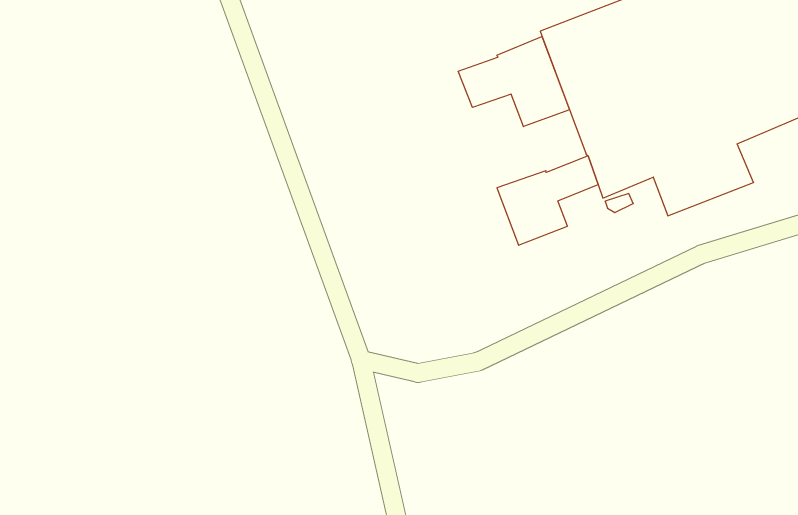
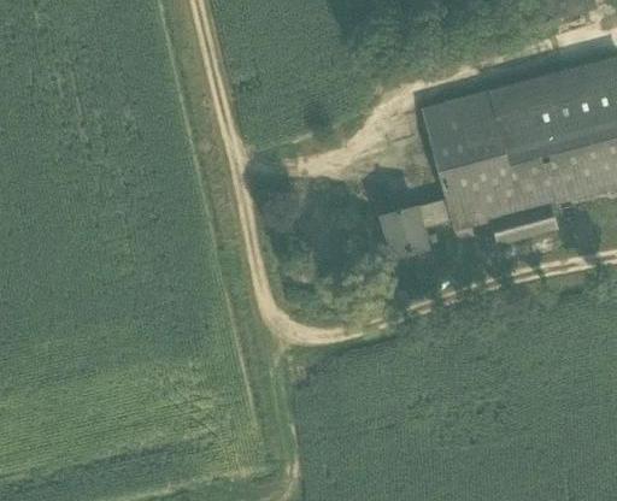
building: [458,37,570,127] -> none

